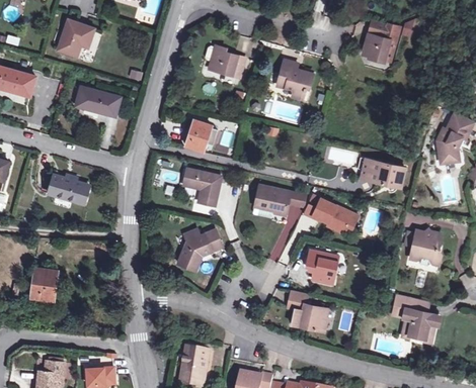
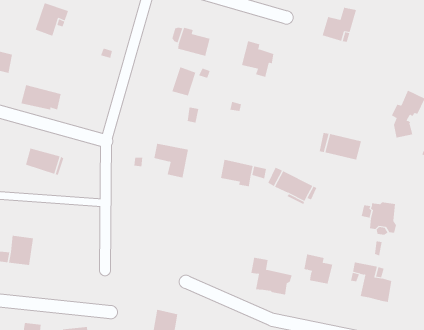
building: [74,86,117,113] -> [21,84,62,110]
building: [184,119,211,151] -> [171,67,196,96]
building: [178,228,222,270] -> none
building: [306,251,337,283] -> [304,254,333,284]

